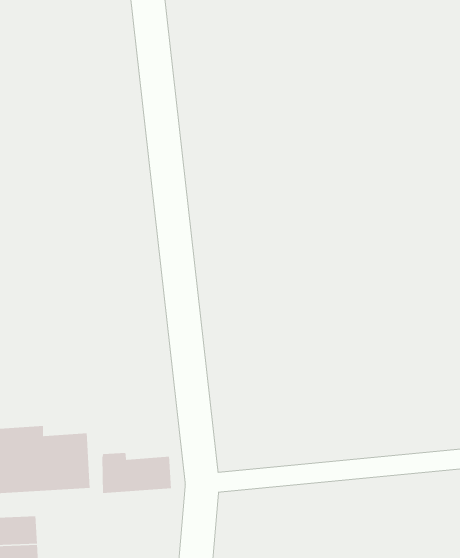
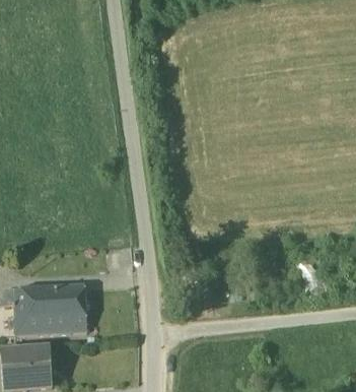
building: [101,452,172,494] -> none

